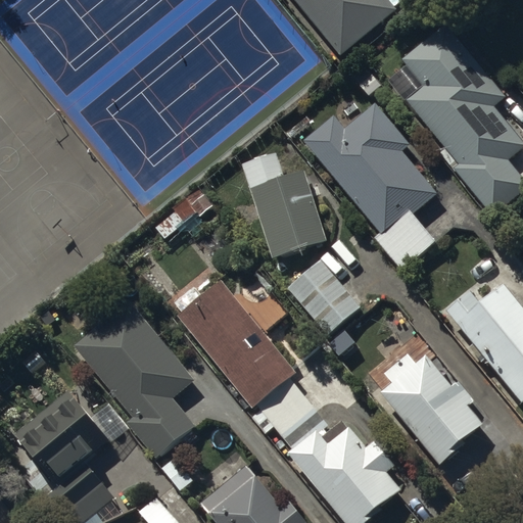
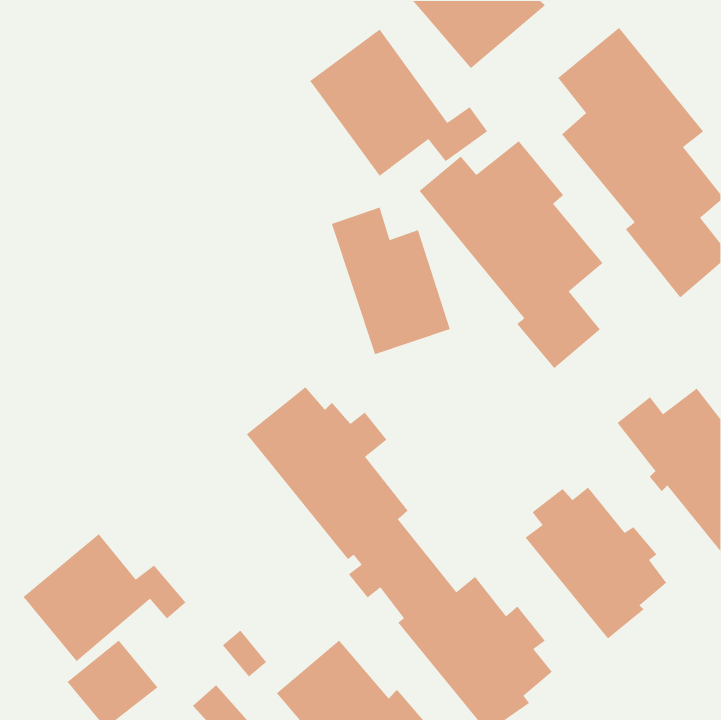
building: none -> [309,28,488,177]
building: [284,257,360,336] -> none
building: [74,299,195,458] -> none

